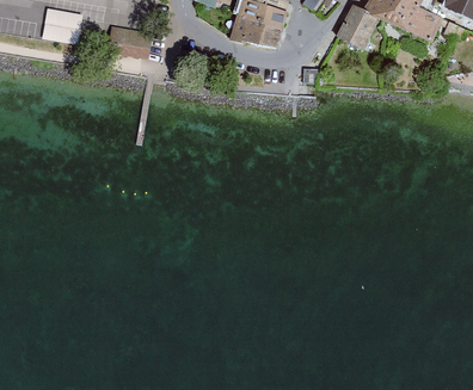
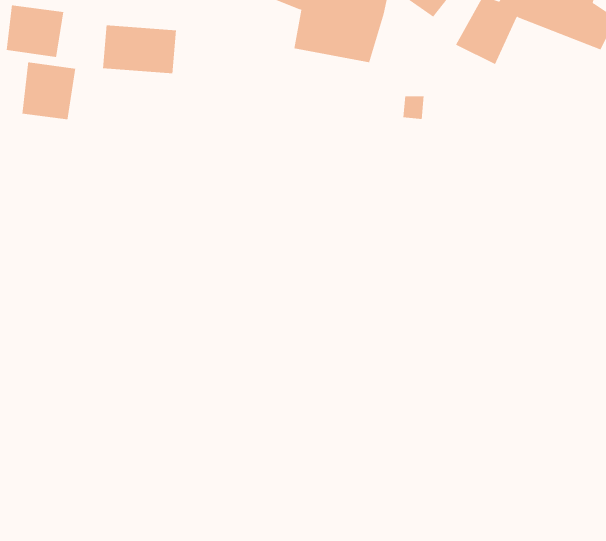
building: none -> [22,62,76,120]

